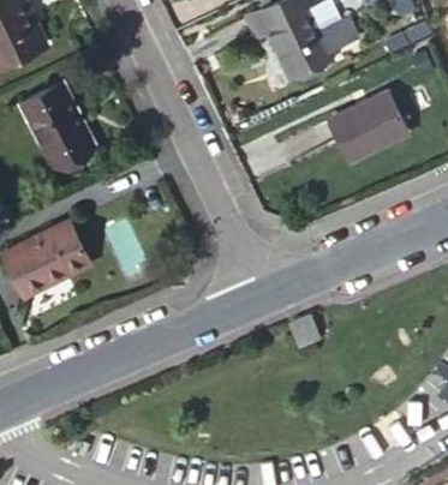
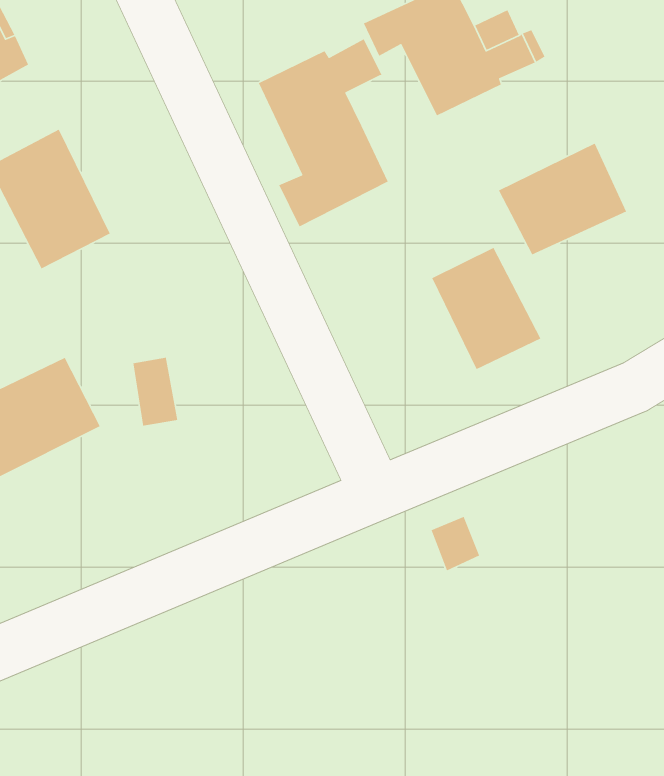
building: none -> [258,38,389,227]
building: none -> [431,247,541,370]

